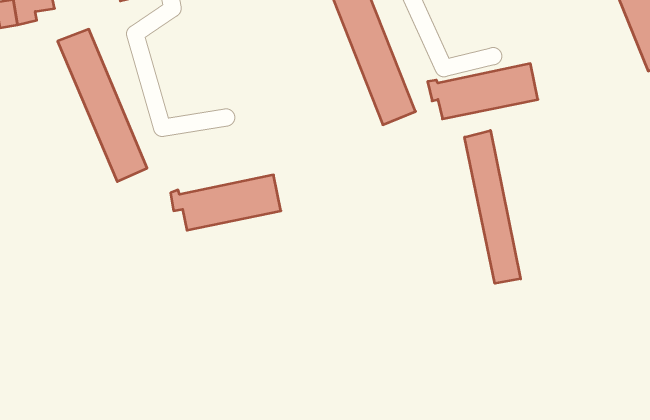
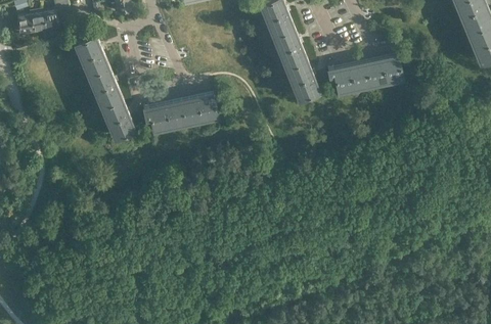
building: [465,130,521,283] -> none
building: [171,175,281,230] -> [142,95,218,133]

